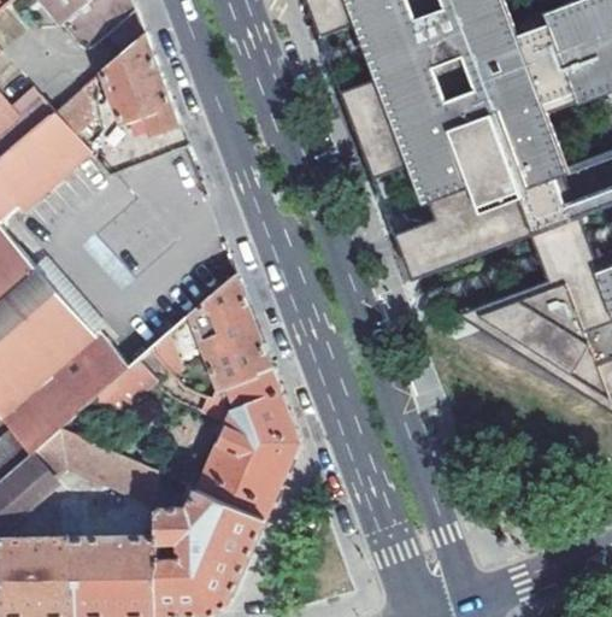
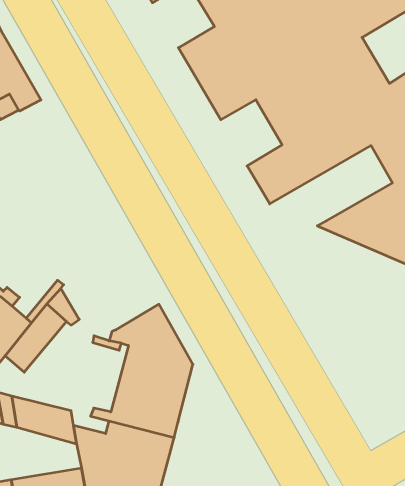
building: [190,276,271,392] -> none

